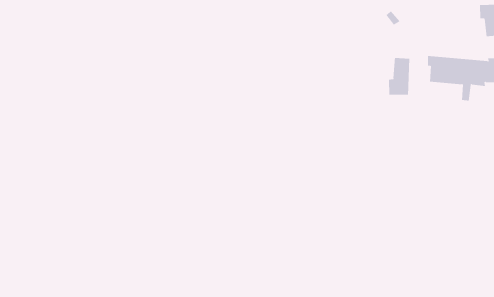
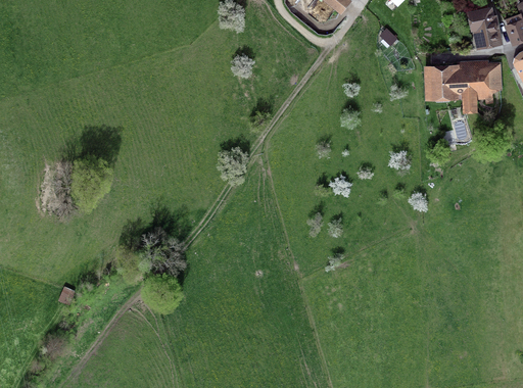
building: [389,57,410,95] -> none

